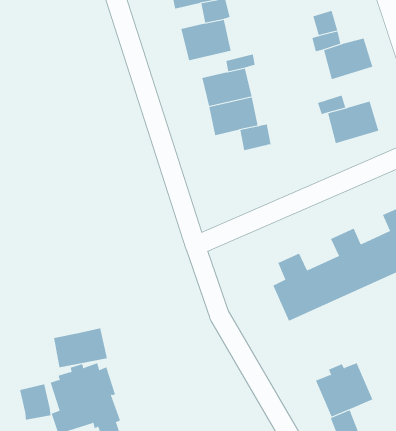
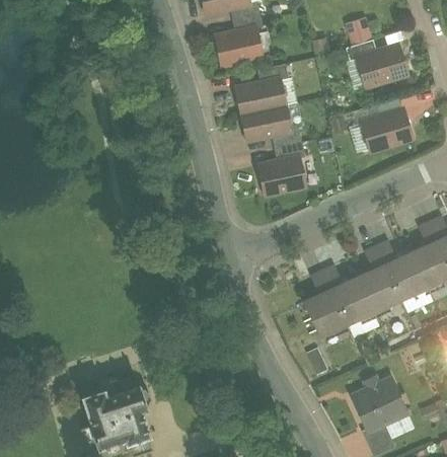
building: none -> [256,155,308,198]
building: [53,328,108,368] -> none
building: [20,384,51,421] -> none

